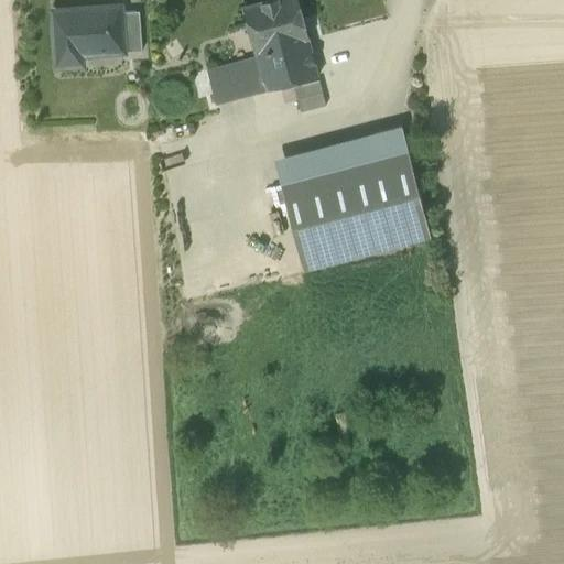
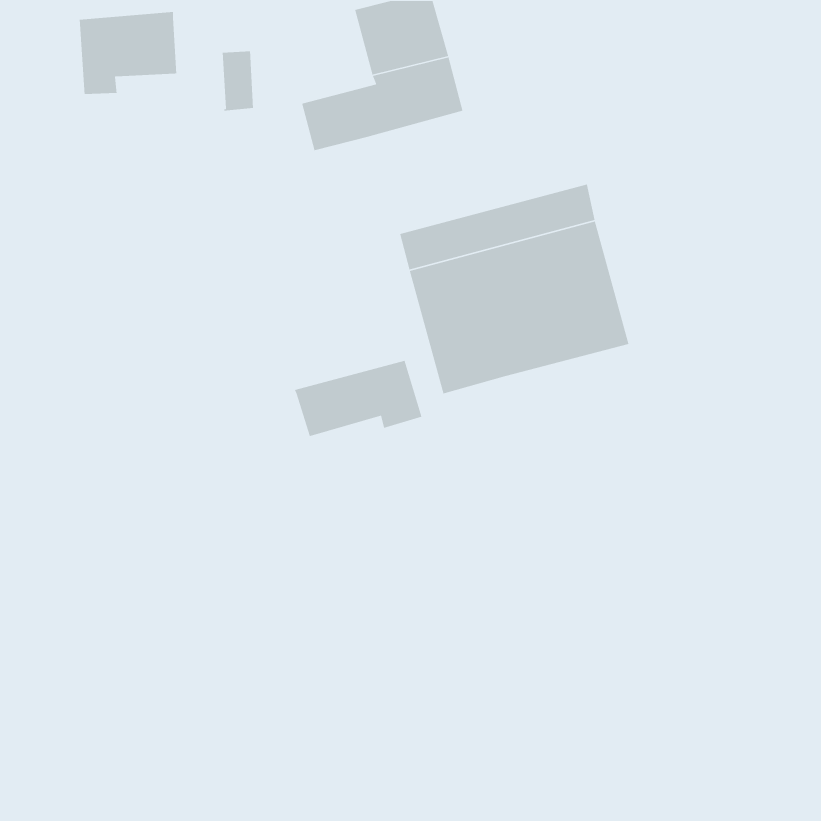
building: [119,12,141,54] -> [222,50,254,112]
building: [293,82,325,112] -> none
building: none -> [294,360,423,437]

